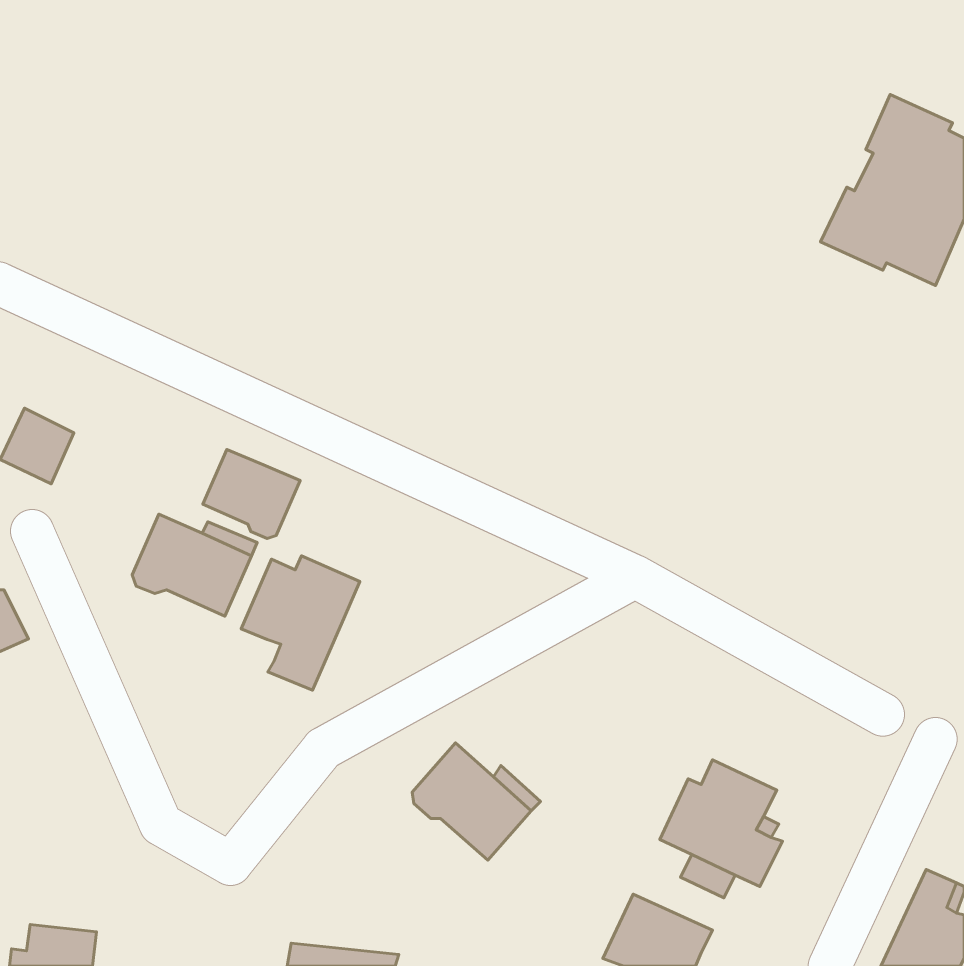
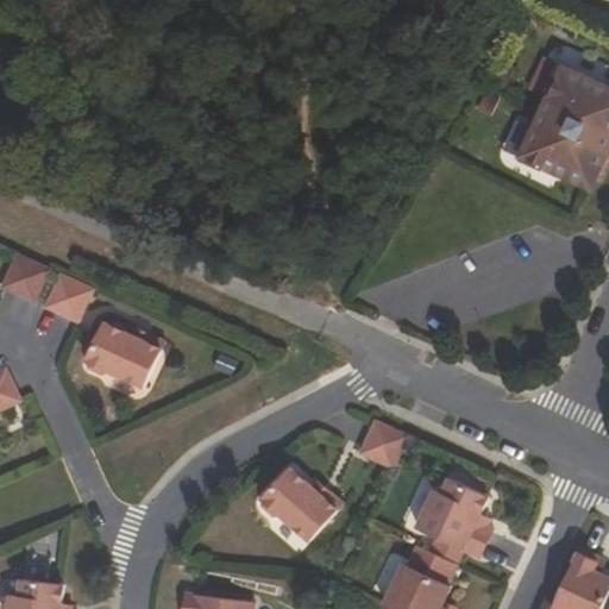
building: none -> [44,277,90,324]
building: [203,449,300,539] -> none
building: [241,556,360,690] -> none
building: none -> [357,420,404,469]

